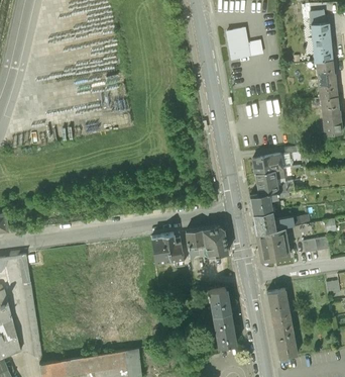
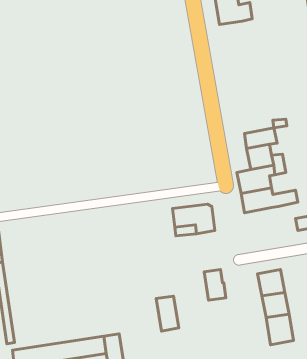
building: [254,230,291,264] -> none
building: [151,234,188,264] -> none
building: [221,315,242,348] -> [156,296,179,331]

